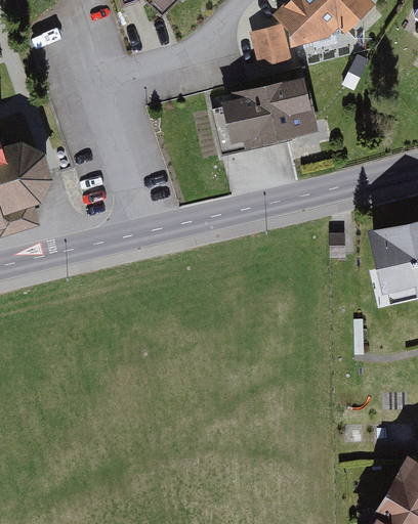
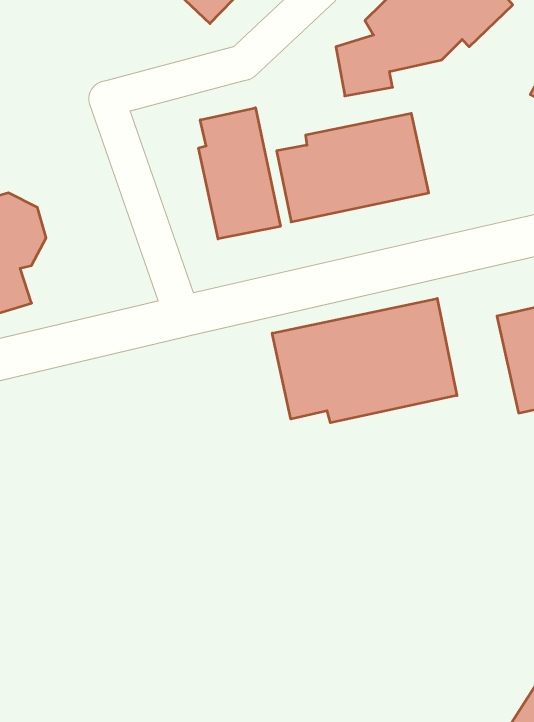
building: none -> [199,108,280,239]
building: none -> [272,298,457,423]

